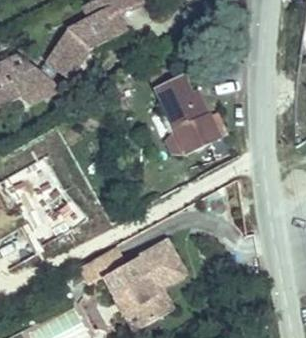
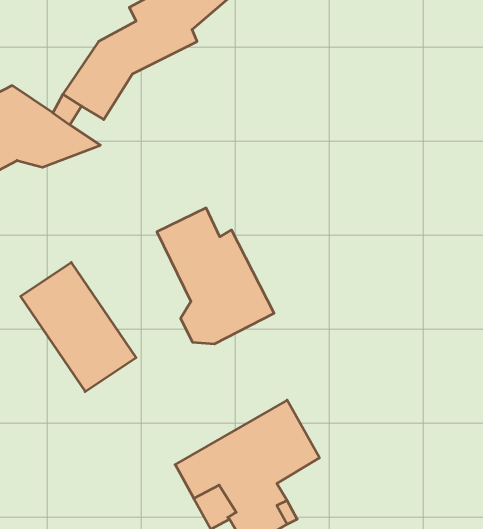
building: [154,75,223,155] -> [157,208,274,344]

